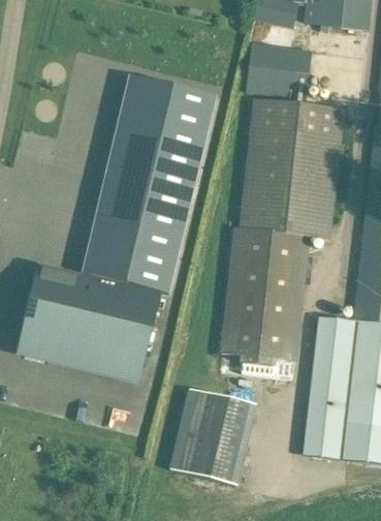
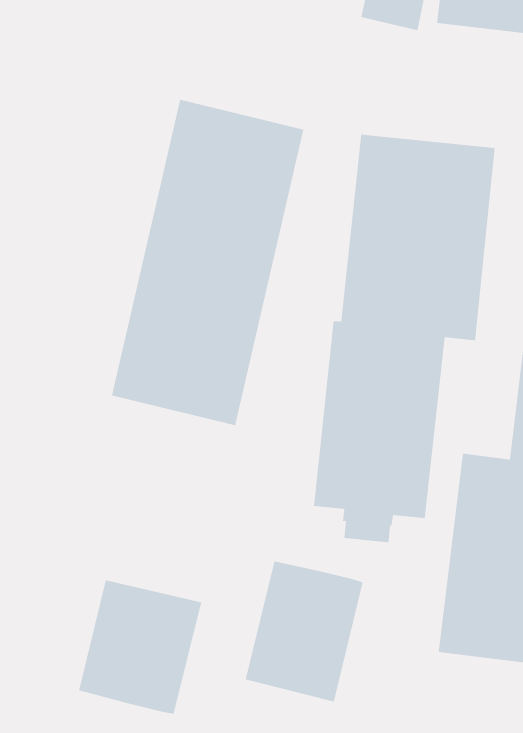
building: [246,42,311,100] -> none
building: [19,266,159,374] -> none
building: none -> [78,579,202,714]

